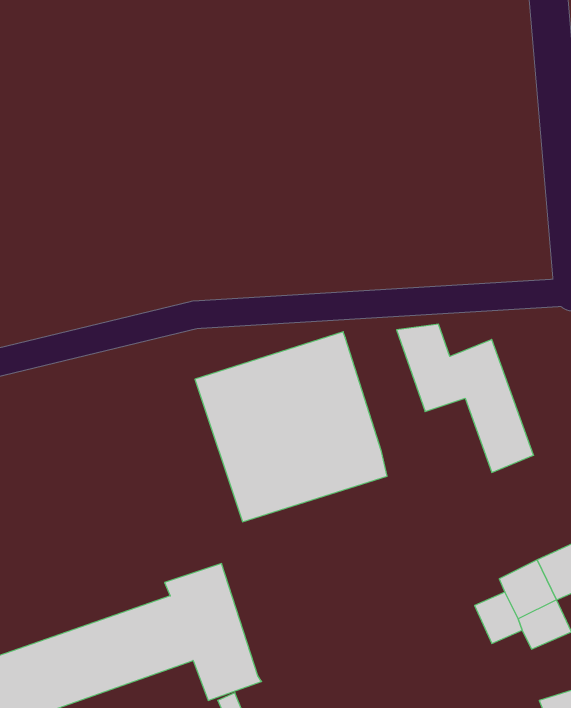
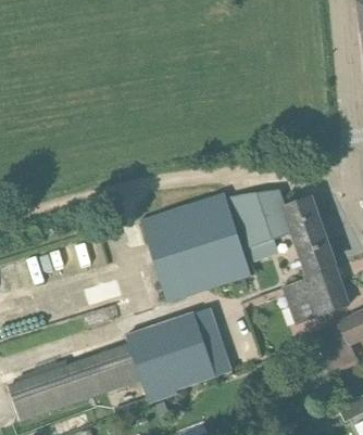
building: none -> [227,191,277,260]
building: none -> [285,263,349,319]
building: none -> [157,310,220,388]

